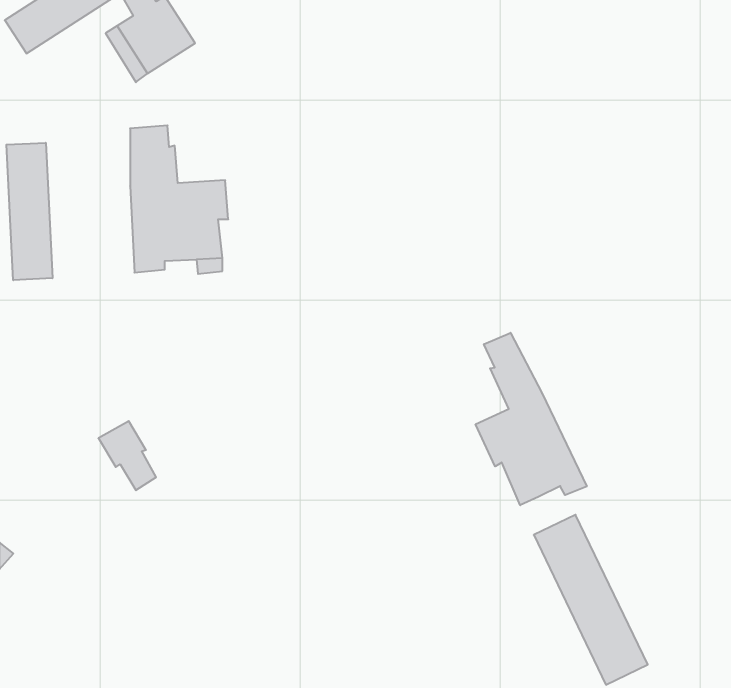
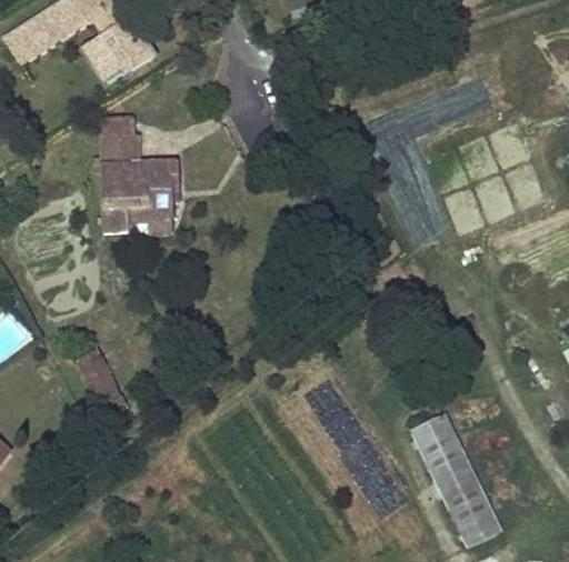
building: [6,143,52,280] -> none
building: [476,333,587,505] -> none

